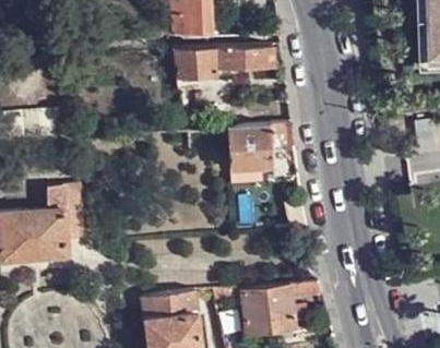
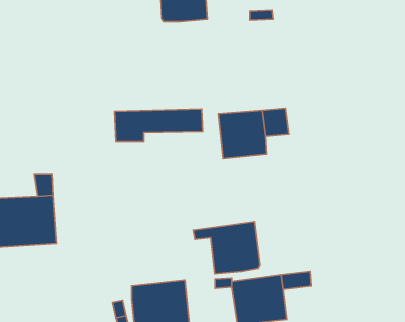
building: [188,48,274,80] -> [115,109,203,142]
building: none -> [193,222,260,274]

